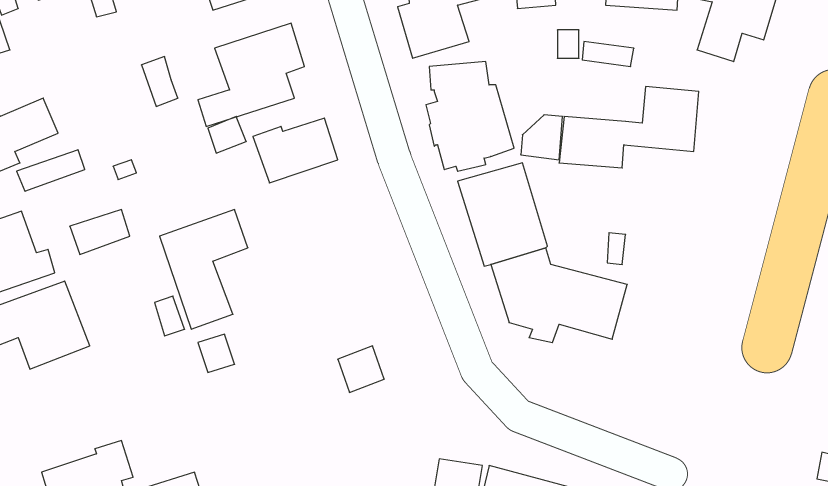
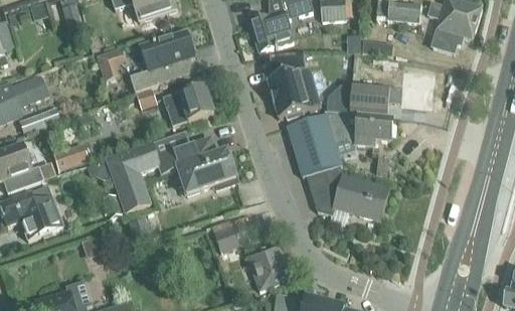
building: none -> [326,113,393,145]
building: none -> [152,130,237,193]
building: none -> [246,243,292,289]

